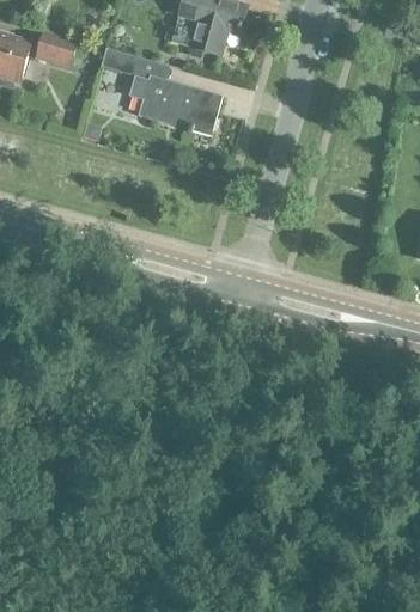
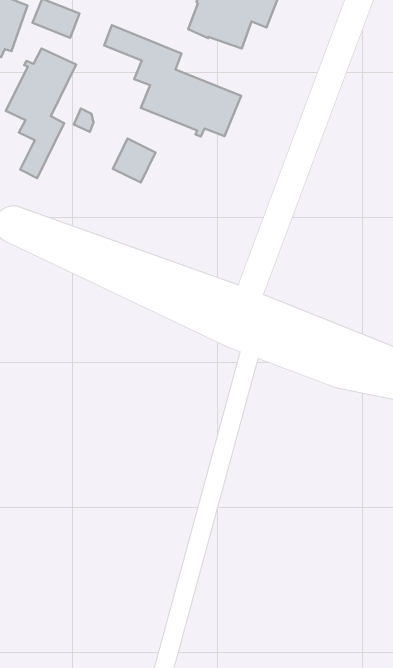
building: none -> [6,48,76,178]
building: none -> [113,139,156,183]

